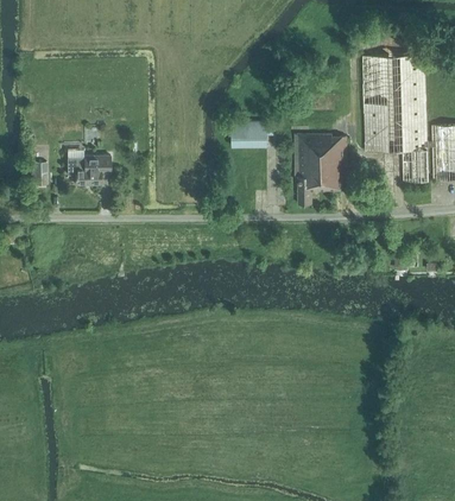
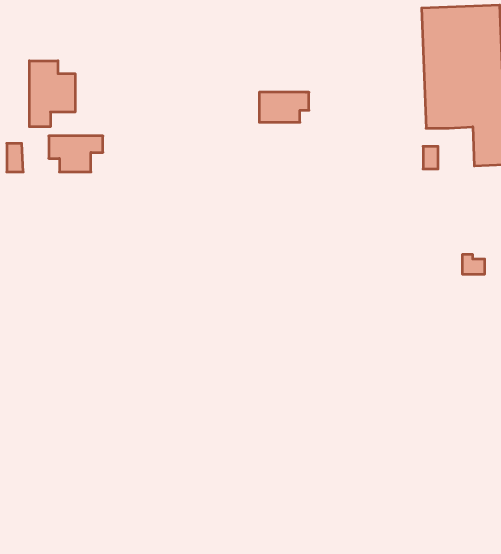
building: none -> [29,61,75,127]
building: [295,133,348,203] -> none

